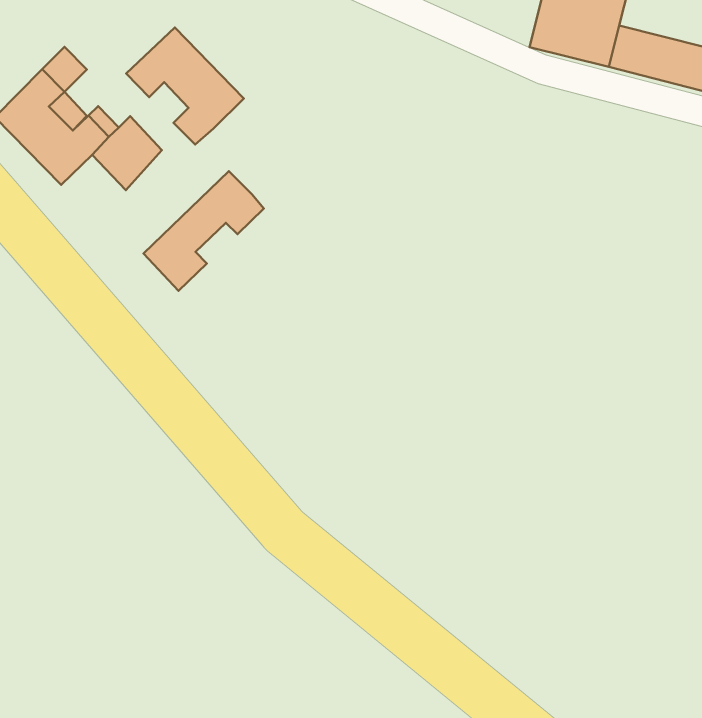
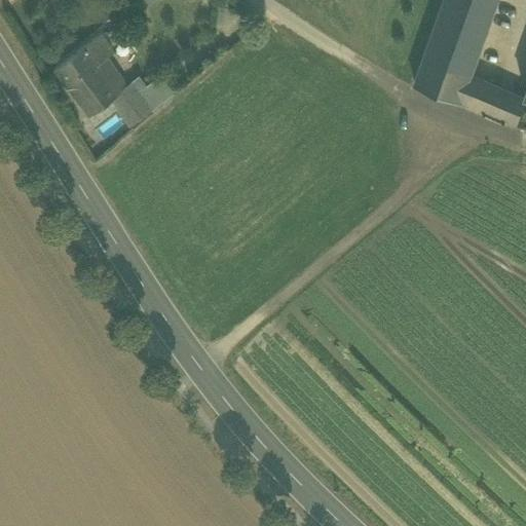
building: [126,27,244,145] -> none
building: [144,171,264,291] -> none

